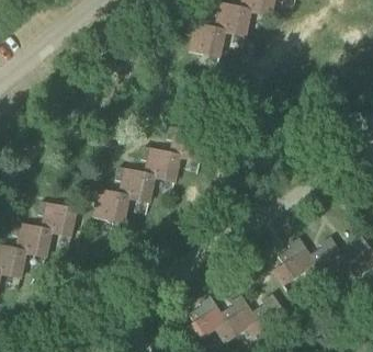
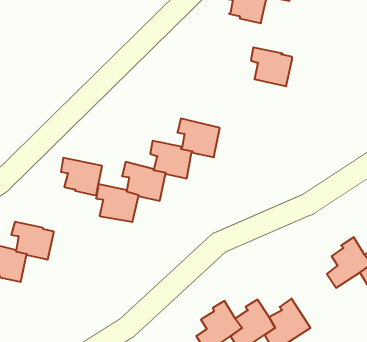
building: [186,22,225,58] -> [251,47,292,86]
building: [38,202,77,237] -> [61,158,102,195]
building: [273,238,316,285] -> none

